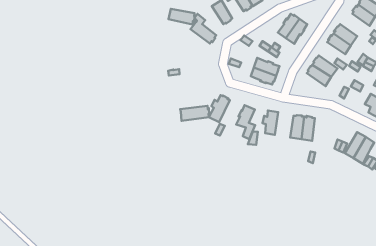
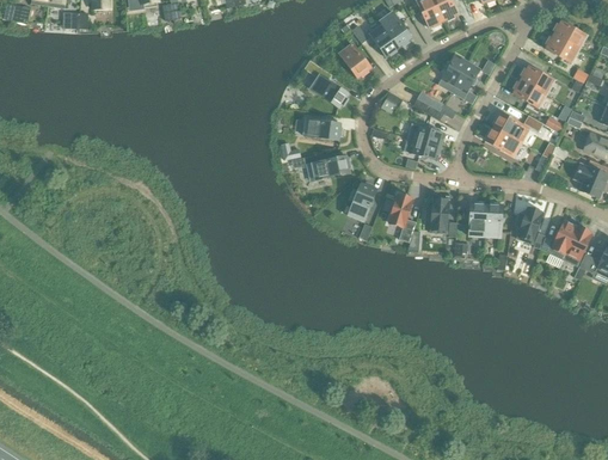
building: [168,9,195,24] -> [303,118,342,139]
building: [180,106,209,121] -> [307,154,350,179]
building: none -> [516,206,542,241]

